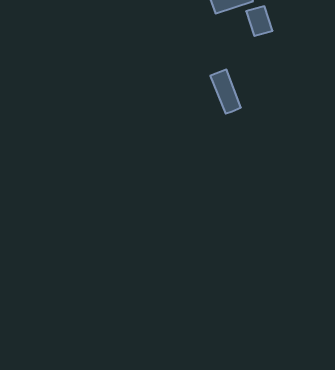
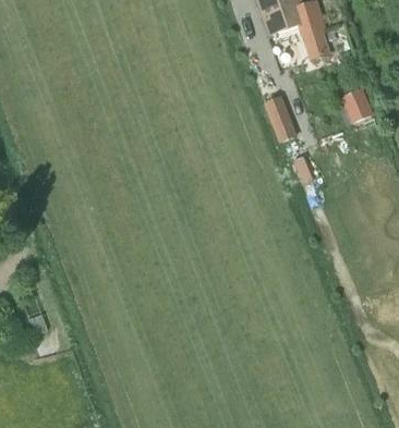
building: none -> [342,88,374,123]

